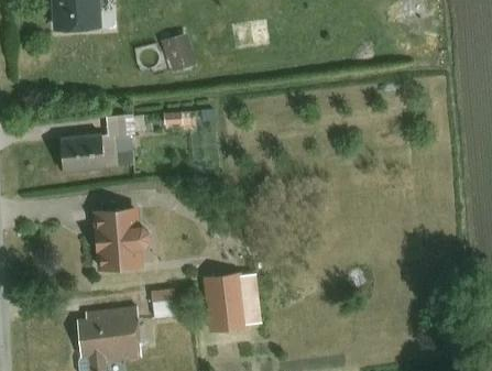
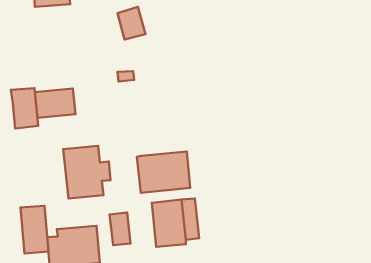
building: [103,116,138,166] -> [11,88,38,129]
building: none -> [137,152,190,193]
building: none -> [20,206,49,253]

